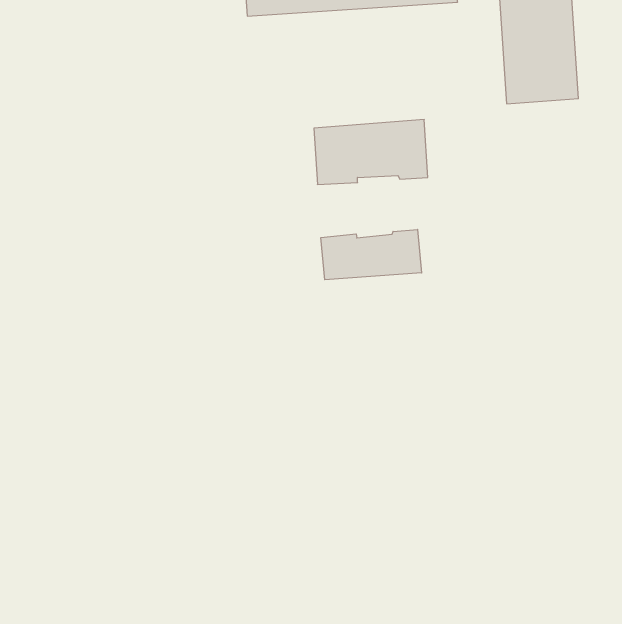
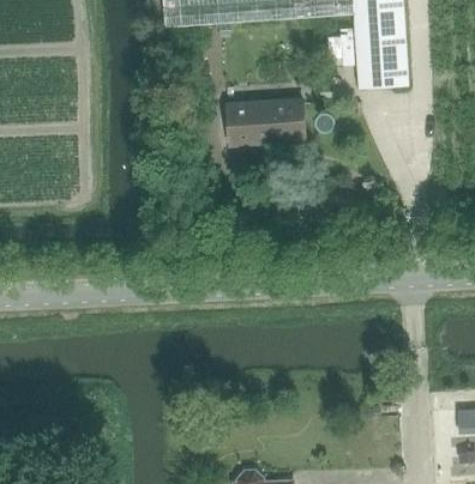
building: [321,229,422,280] -> none

